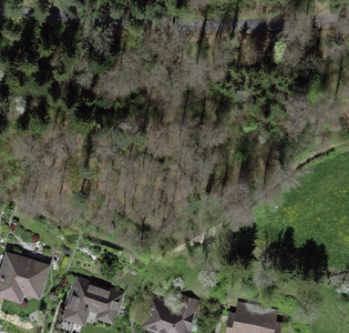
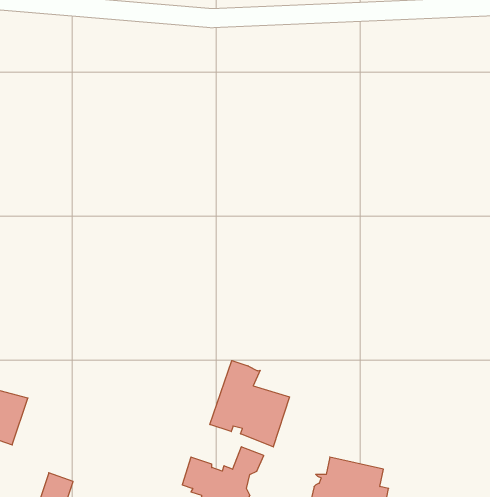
building: none -> [210,361,289,447]
building: [68,281,120,322] -> none

